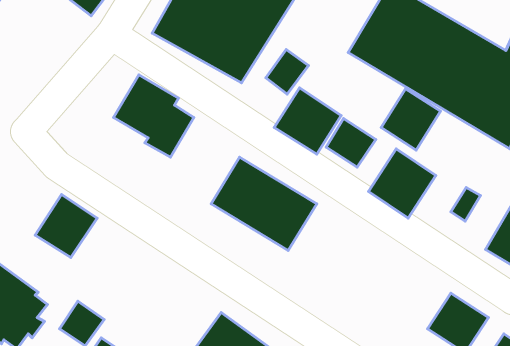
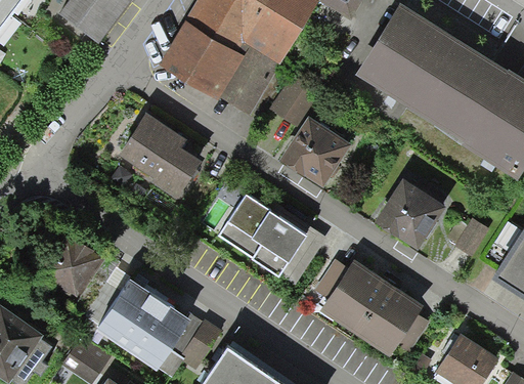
building: [381,89,440,150] -> none
building: [326,119,376,167] -> none
building: none -> [311,248,432,350]
building: none -> [93,269,215,359]

